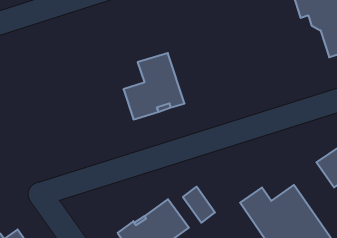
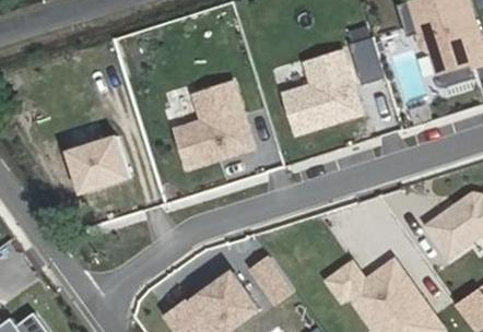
building: none -> [346,36,382,84]
building: none -> [281,50,360,133]
building: none -> [66,137,127,193]

